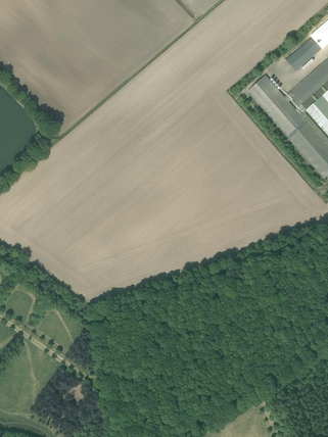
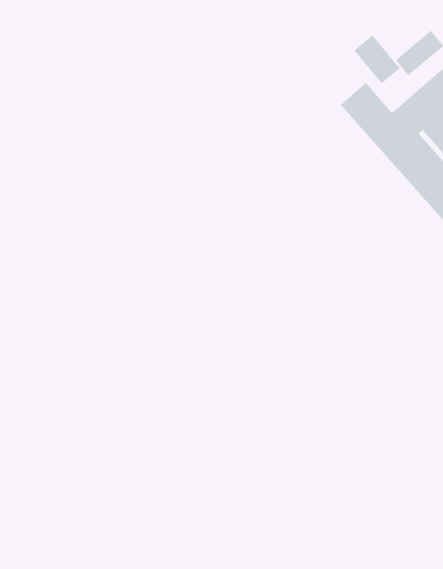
building: none -> [353,35,400,84]

